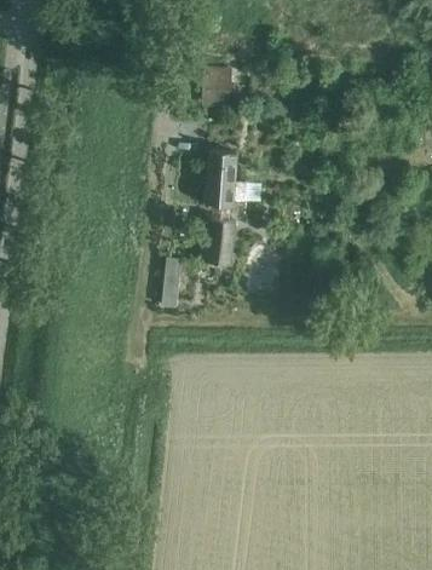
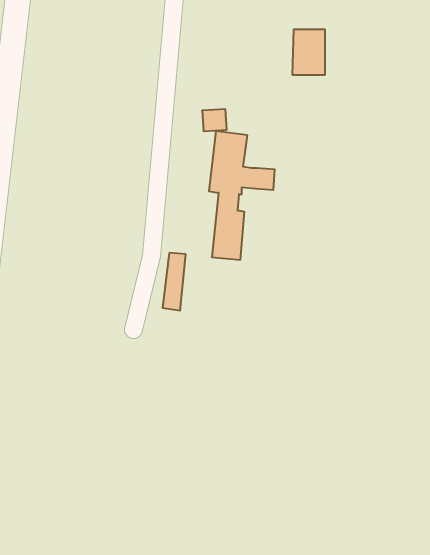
building: [202,68,231,108] -> [292,30,325,75]

